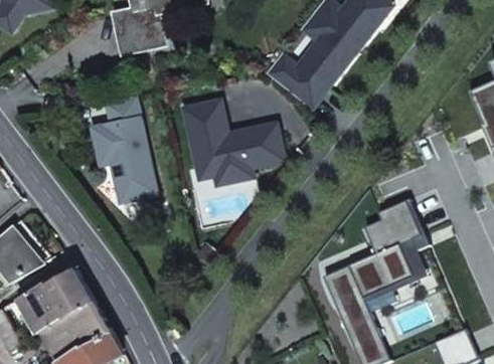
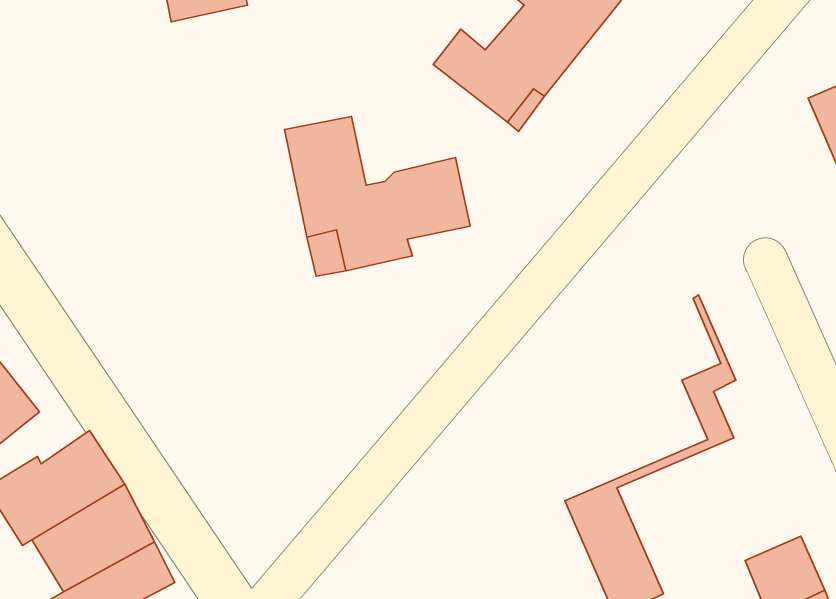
building: [93,96,156,202] -> none
building: [322,200,421,310] -> none

